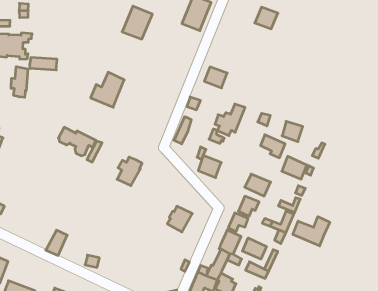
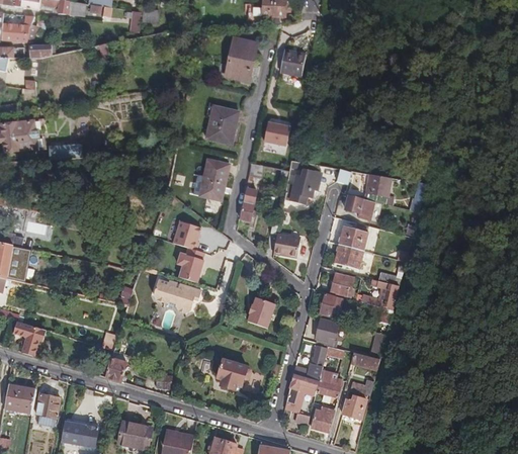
building: [122,6,152,39] -> [205,104,239,143]
building: [255,7,278,29] -> [279,51,306,75]
building: [11,67,28,97] -> none
building: [91,72,124,107] -> [191,158,229,199]
building: [58,127,96,156] -> [154,281,200,312]
building: none -> [173,221,200,250]
building: [282,156,307,179] -> [339,225,368,251]
building: [293,217,330,246] -> none
building: [242,238,266,259] -> none
building: none -> [218,359,251,389]

